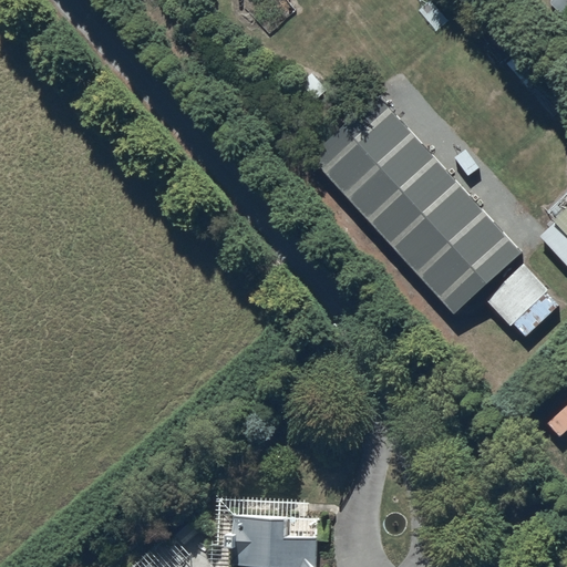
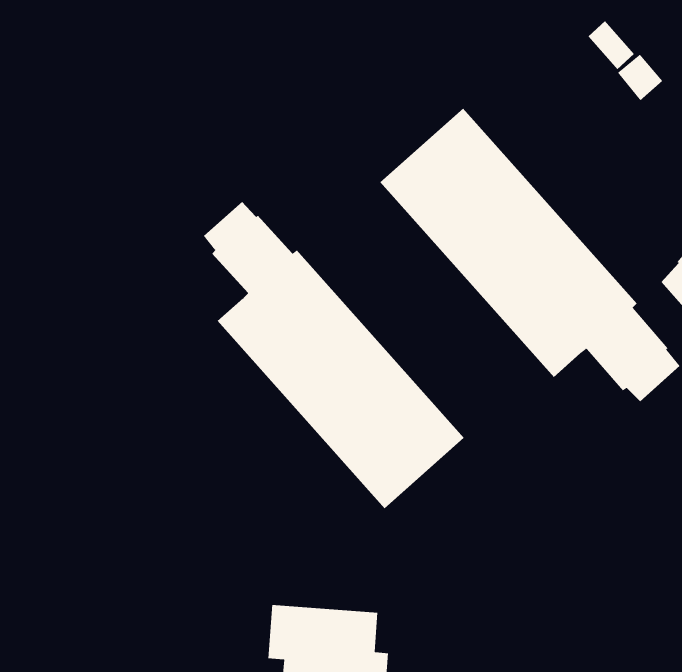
building: none -> [203,201,464,509]

